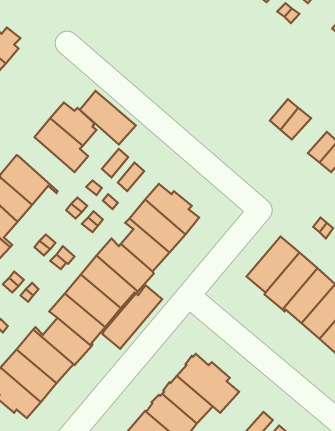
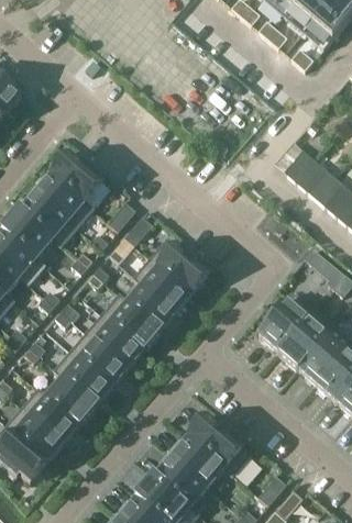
building: [80,91,136,145] -> [21,188,79,244]
building: [102,285,162,349] -> none

